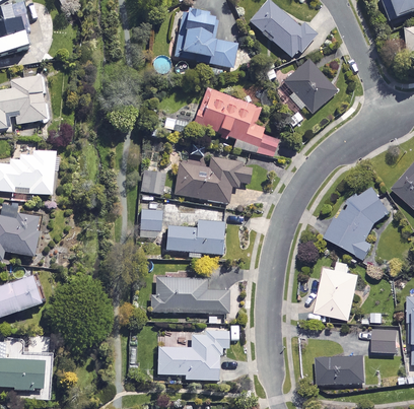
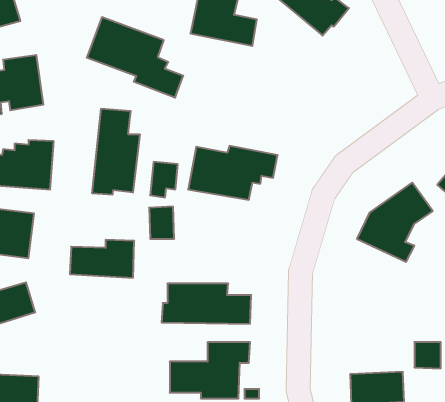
building: [283,60,337,114] -> none
building: [193,87,278,158] -> [87,17,183,98]
building: none -> [92,109,140,195]
building: [165,220,222,254] -> [70,240,134,278]
building: [316,261,359,320] -> none

